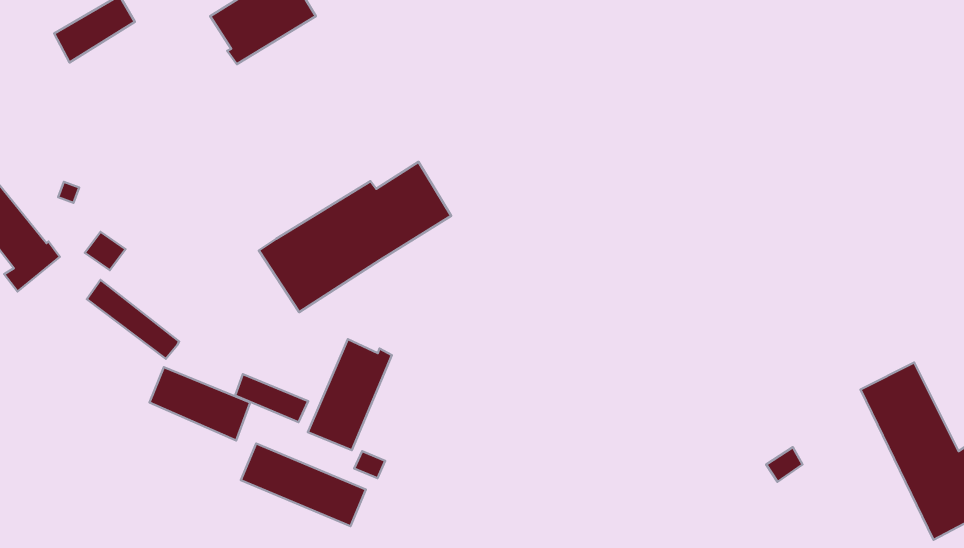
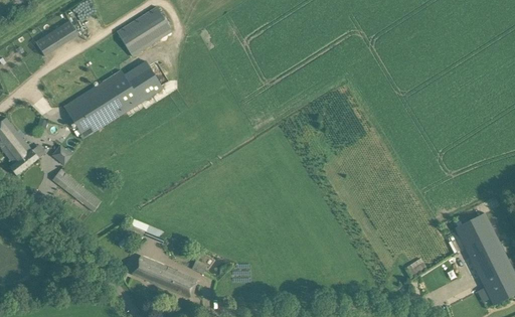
building: [259,162,451,312] -> [62,59,163,138]
building: [308,339,392,450] -> none
building: [150,367,250,441] -> none

